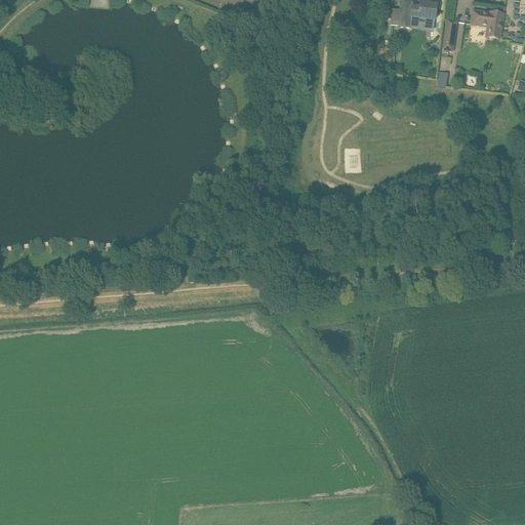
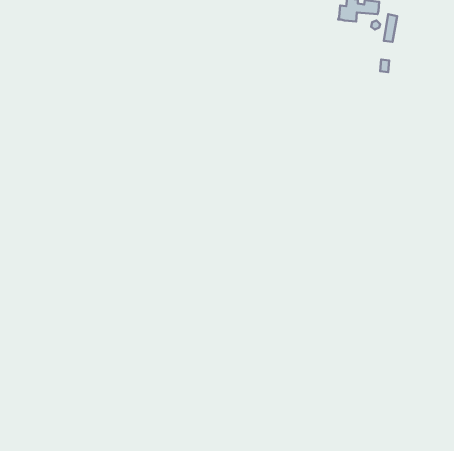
building: [472,7,504,36] -> none

